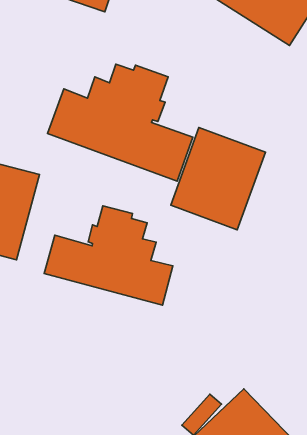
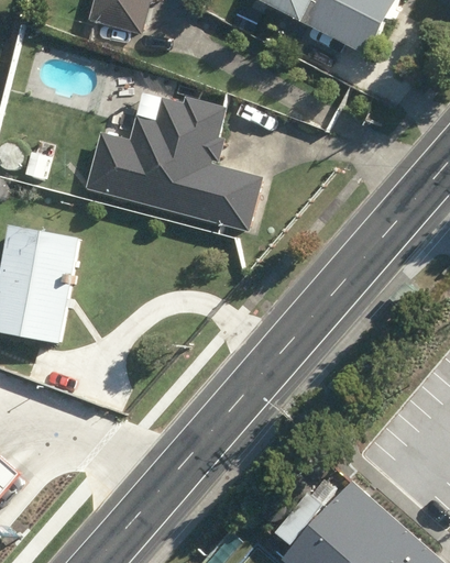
building: [171,128,266,230] -> none
building: [44,206,173,305] -> none

